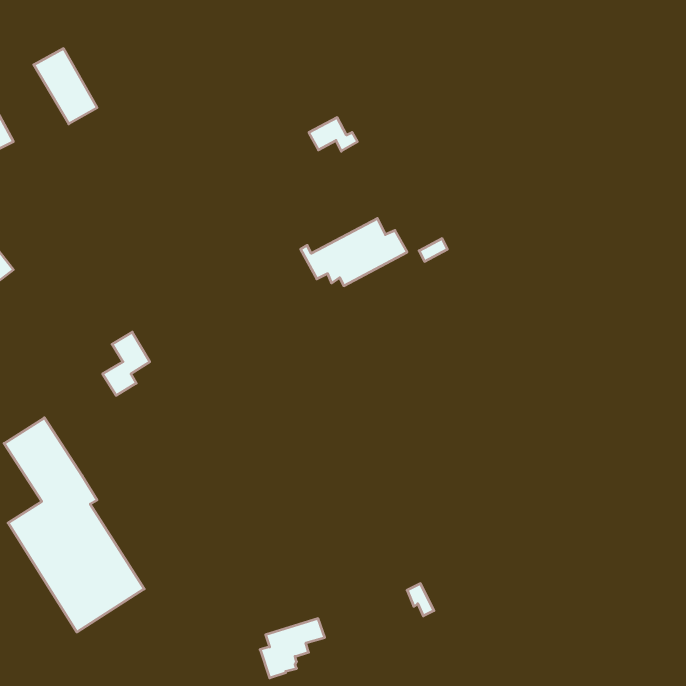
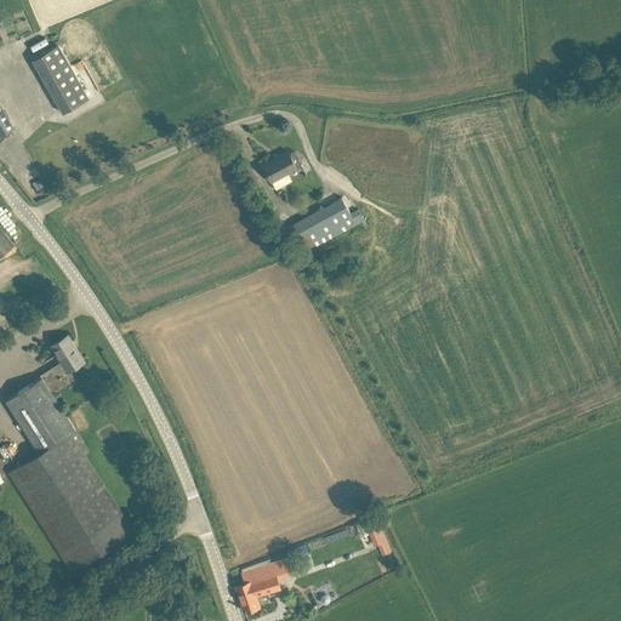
building: [309,118,357,151] -> [261,153,304,183]
building: [103,332,150,395] -> [40,336,82,393]

